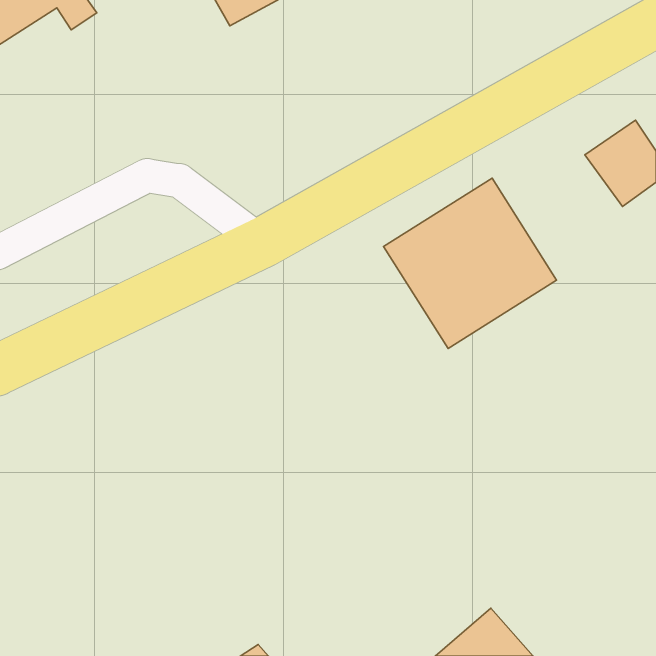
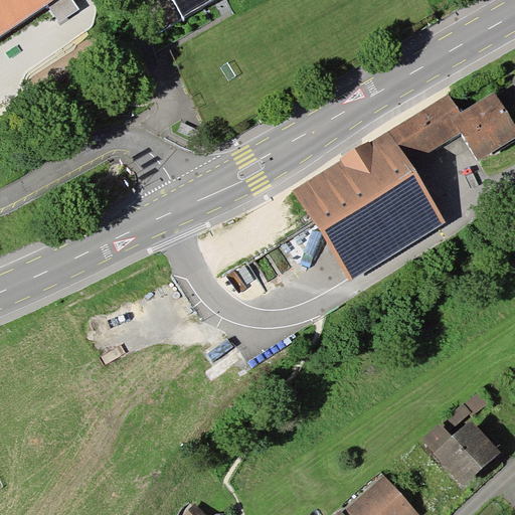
building: none -> [393,98,457,162]
building: none -> [422,406,505,490]

